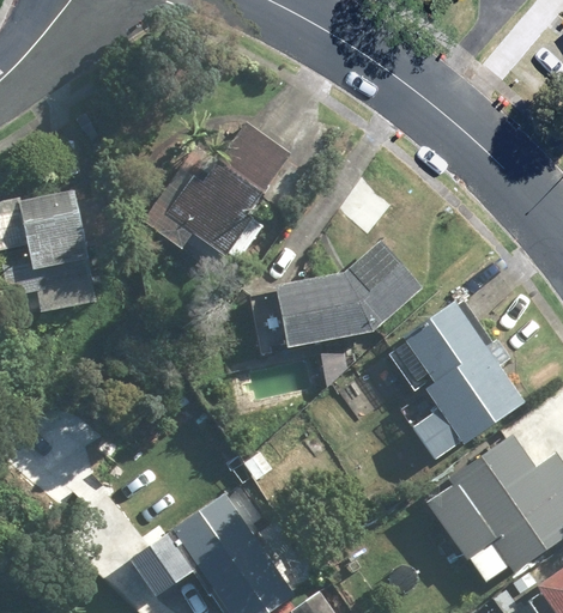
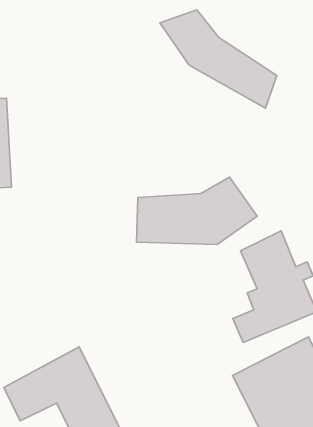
building: none -> [160,10,277,108]
building: [153,110,287,255] -> none

